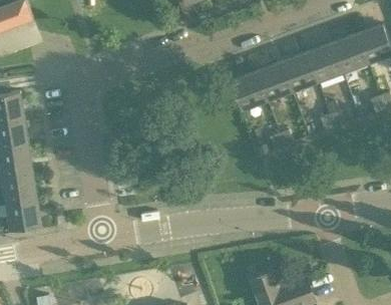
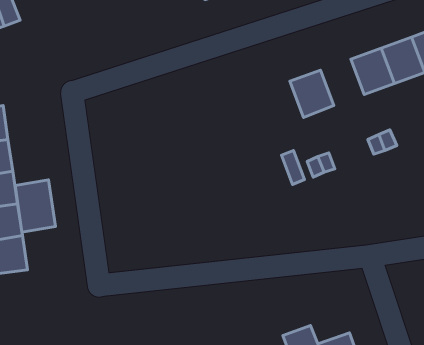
building: [282,52,318,90] -> none
building: [231,70,268,109] -> none
building: none -> [15,180,55,232]

